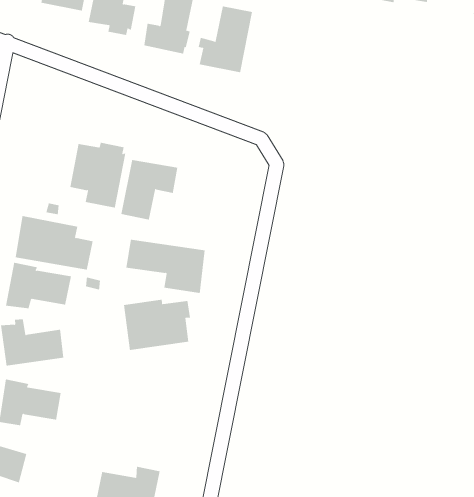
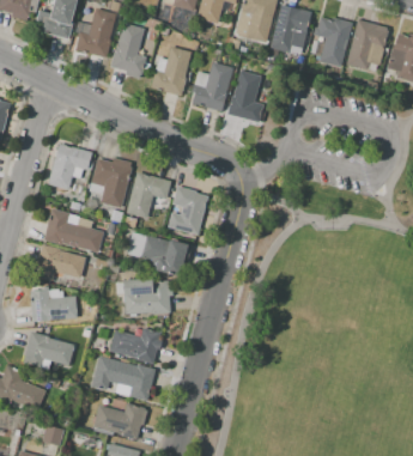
building: none -> [226,71,263,123]
building: none -> [48,144,92,190]
building: none -> [166,187,207,236]
building: none -> [110,327,162,363]
building: none -> [91,357,154,401]

